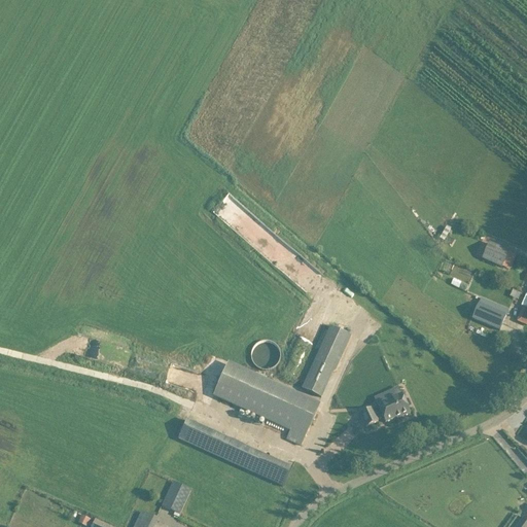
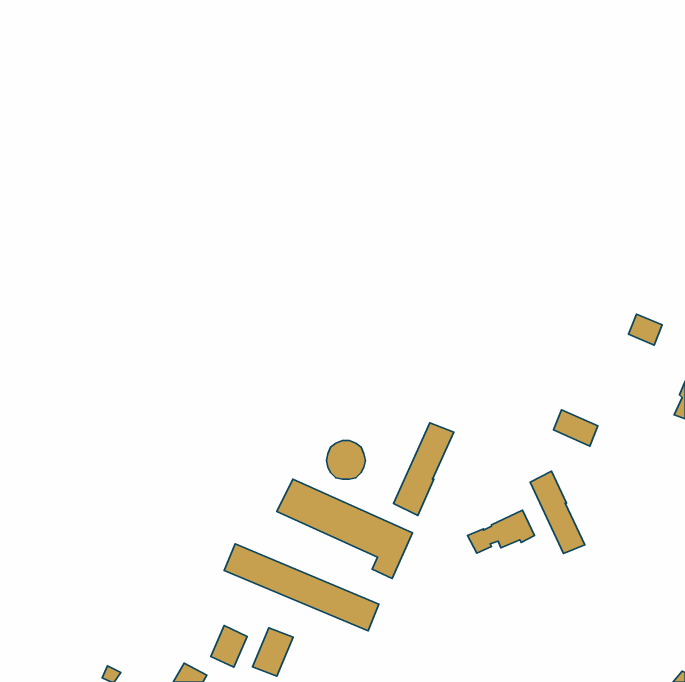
building: [471,301,505,328] -> [553,410,598,446]
building: none -> [530,471,585,553]
building: none -> [253,628,293,676]

